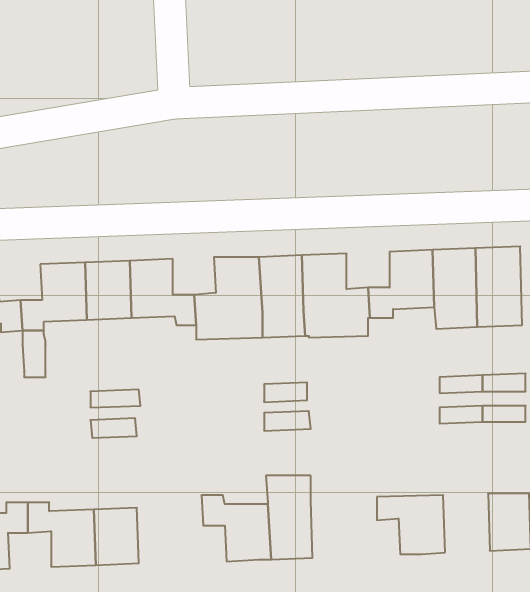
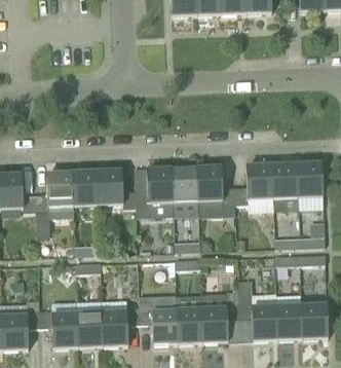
building: none -> [200,290,238,341]
building: none -> [276,304,303,338]
building: none -> [101,305,139,344]

